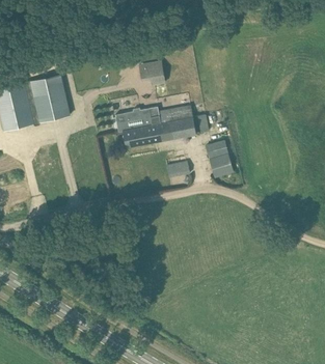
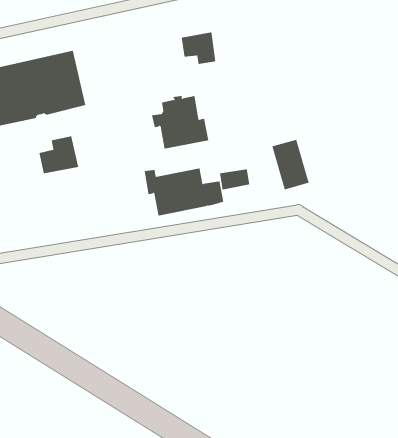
building: [148,105,208,140] -> [144,168,224,216]
building: none -> [39,136,79,174]

